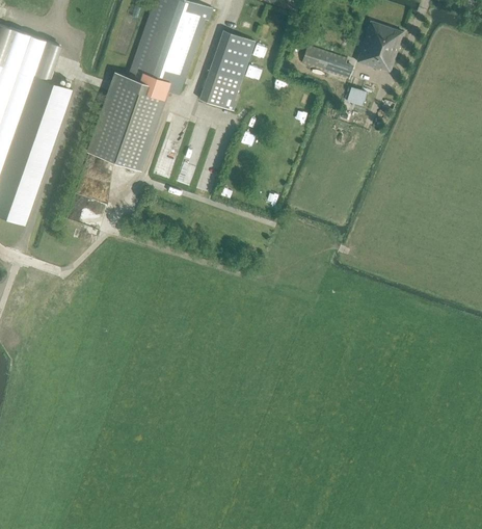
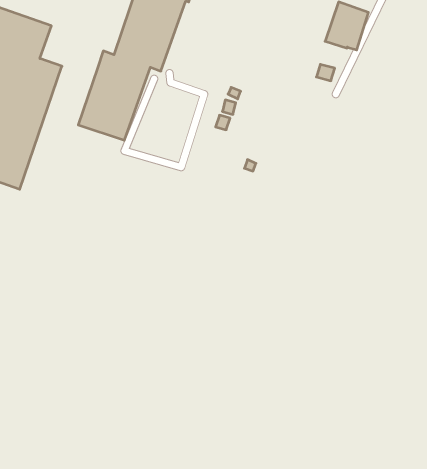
building: [198,30,255,110] -> none
building: [300,45,354,79] -> none

